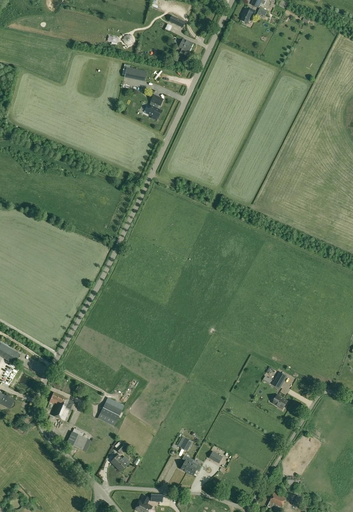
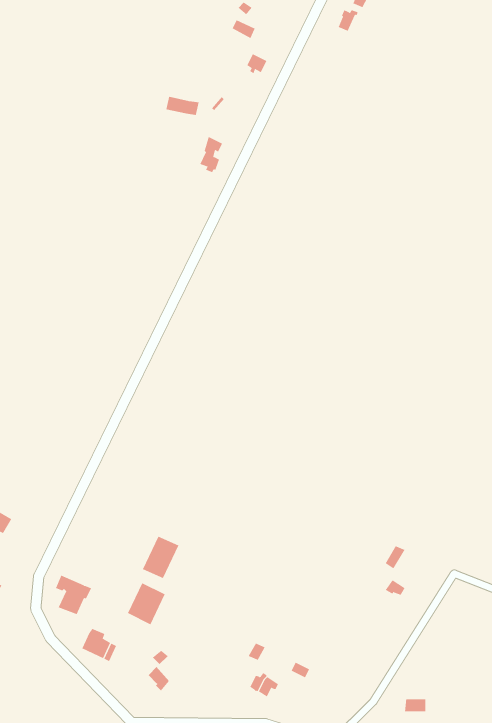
building: none -> [142,536,179,579]

